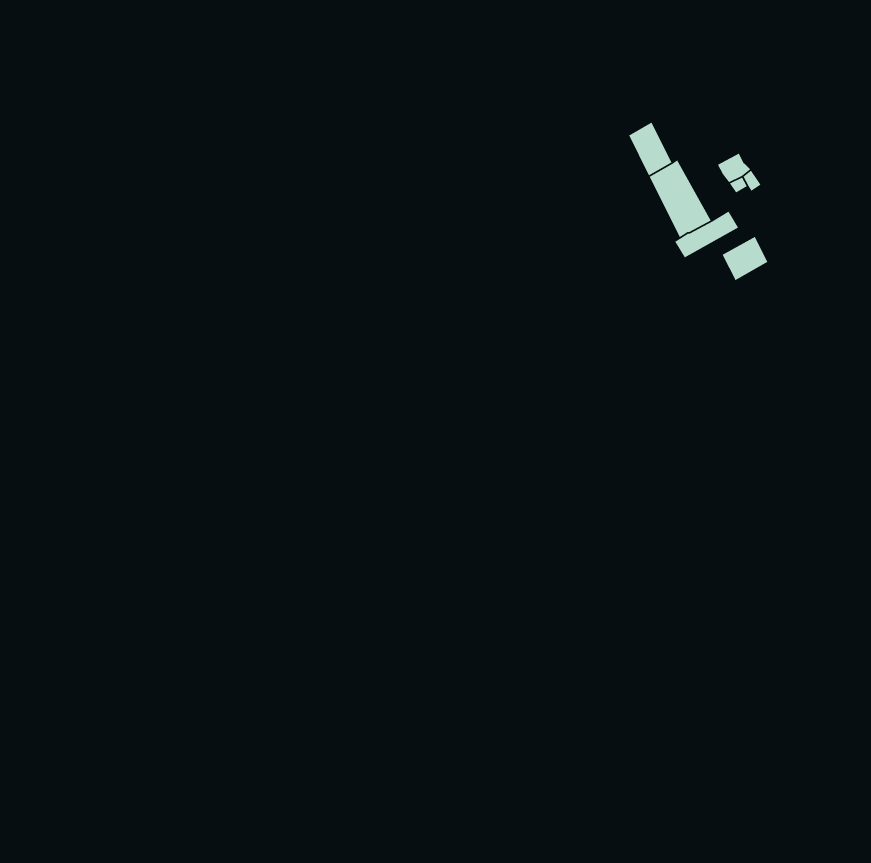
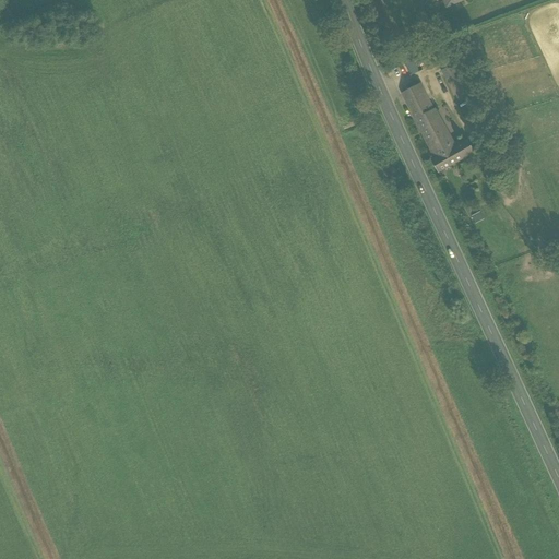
building: [722,236,768,281] -> none

